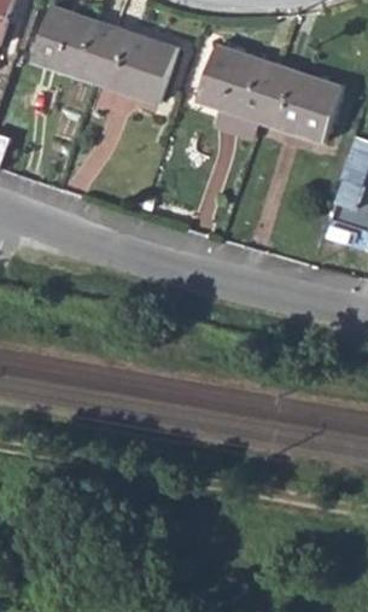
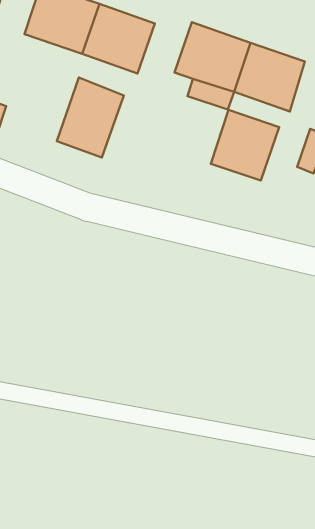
building: none -> [57,77,124,158]
building: none -> [211,110,279,181]

